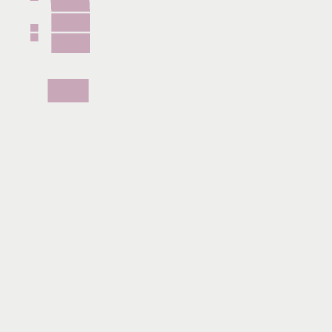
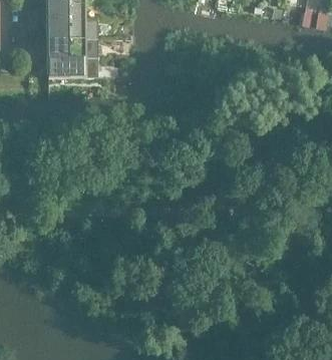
building: [47,78,90,103] -> none

